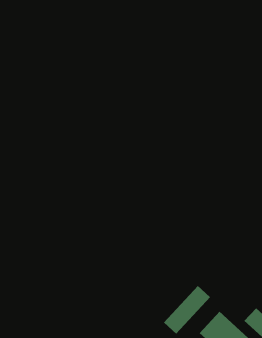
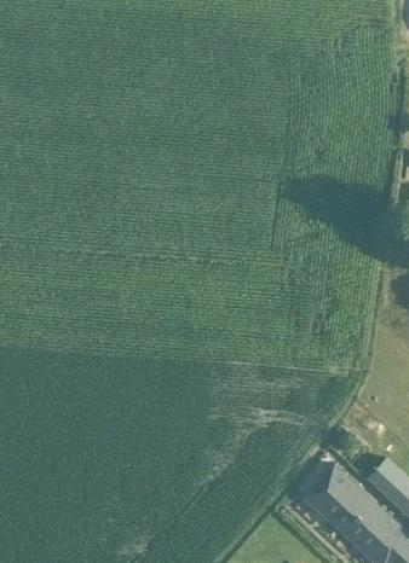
building: [163,285,211,334] -> none

